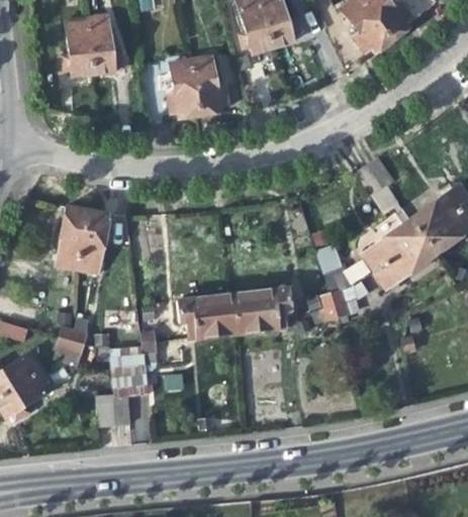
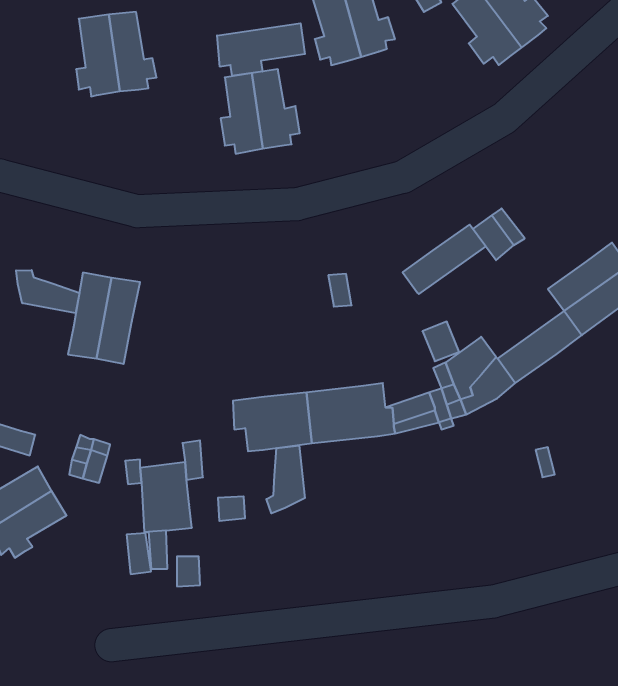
building: none -> [217,23,305,76]
building: none -> [16,270,79,313]
building: [362,218,424,270] -> [403,225,486,294]
building: none -> [266,446,305,513]

